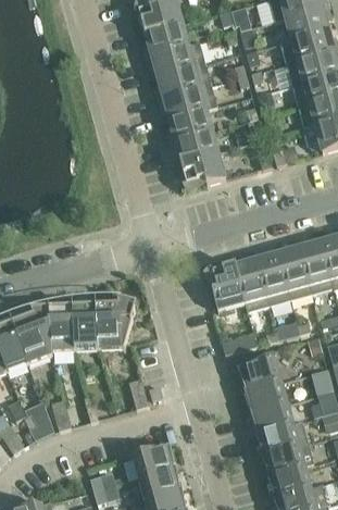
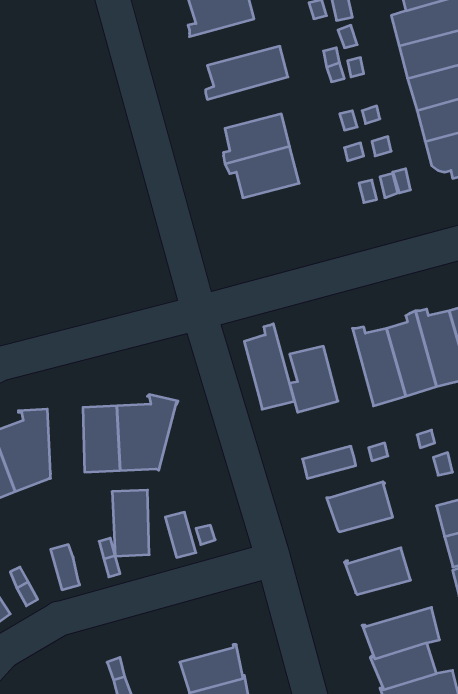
building: [145,41,205,76] -> none
building: [157,84,216,119] -> none
building: [180,156,226,185] -> none
building: [235,253,268,311] -> [244,324,294,409]
building: [49,307,74,351] -> [112,490,149,556]
building: [243,381,287,412] -> none
building: [255,420,308,455] -> none
building: [132,445,174,478] -> none

